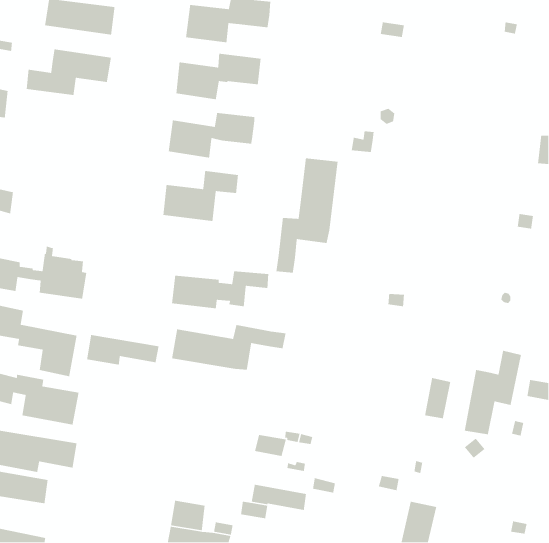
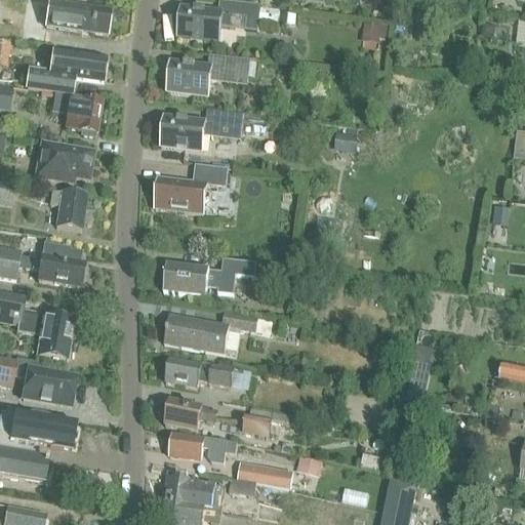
building: none -> [50,91,102,134]
building: none -> [35,139,93,180]
building: [275,157,339,274] -> none
building: none -> [50,189,86,228]
building: [86,334,159,365] -> [165,356,235,386]
building: [464,350,522,435] -> none
building: none -> [164,397,217,429]
building: none -> [169,432,236,462]

